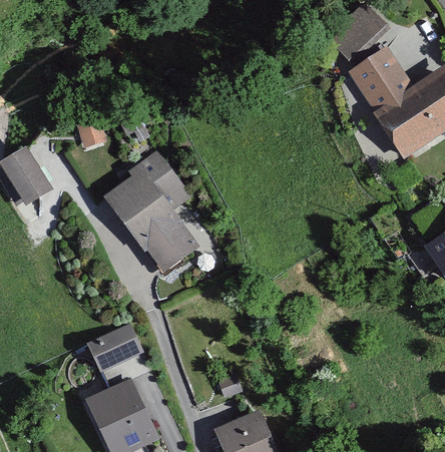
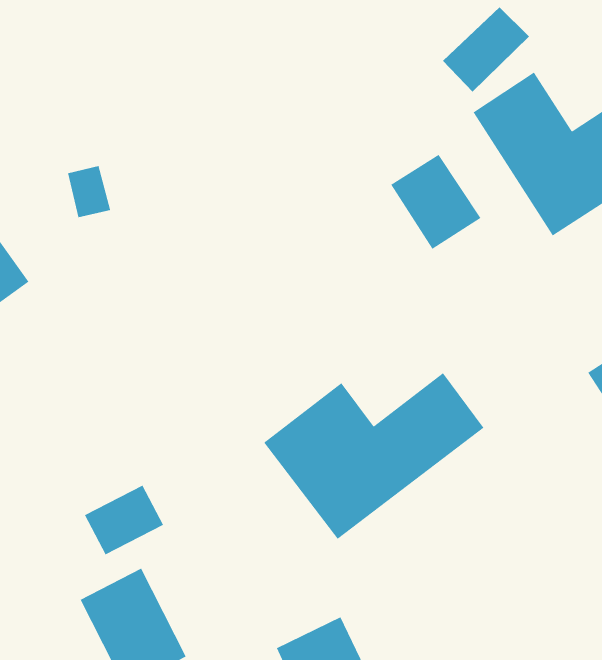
building: none -> [390,154,481,250]
building: [106,148,202,275] -> none
building: none -> [263,372,485,540]

